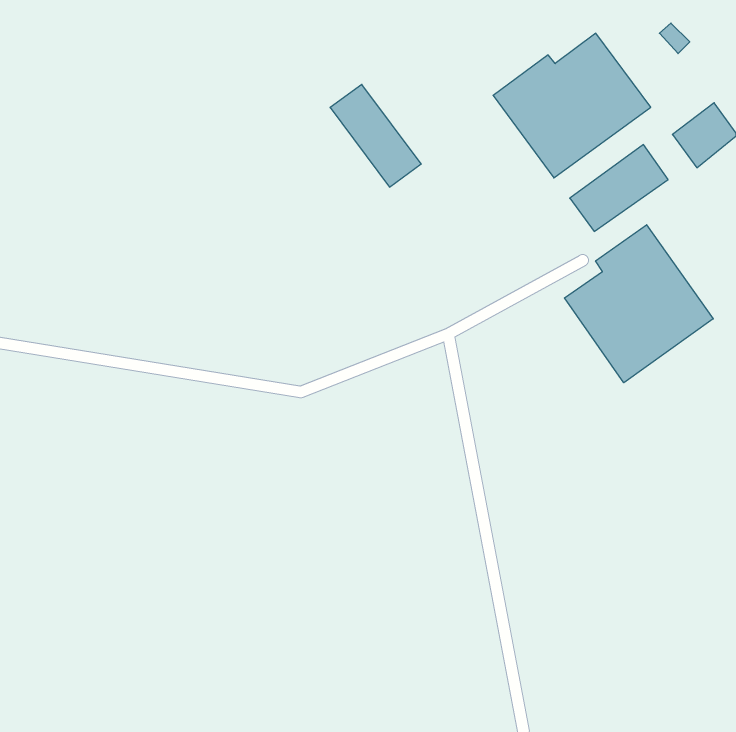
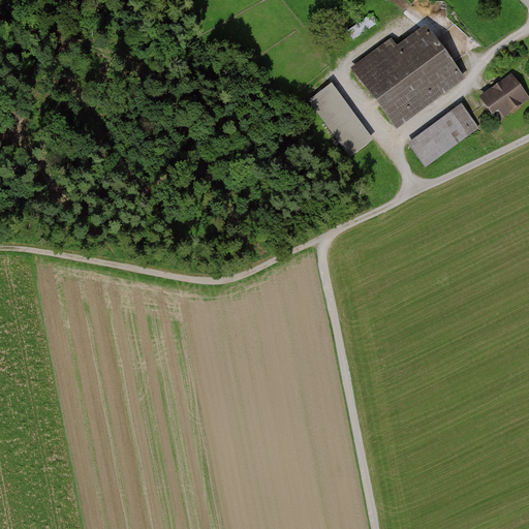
building: [330,84,421,187] -> [310,84,375,157]
building: [564,225,713,383] -> none

